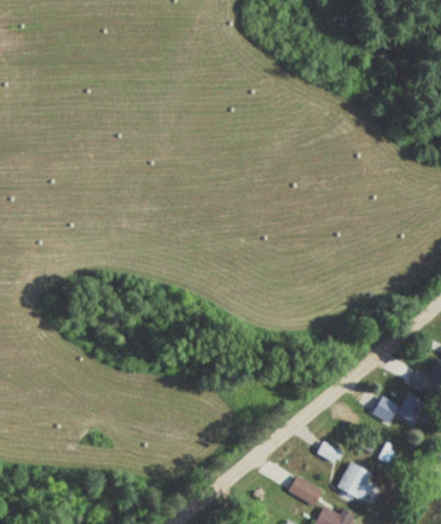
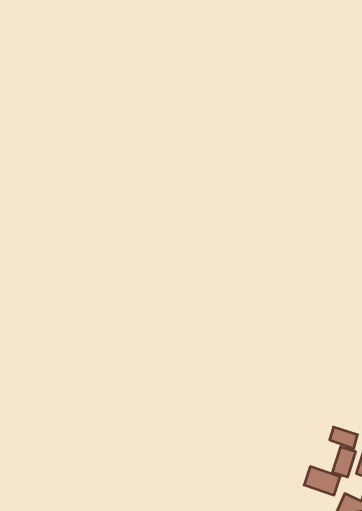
building: none -> [333,447,355,477]

